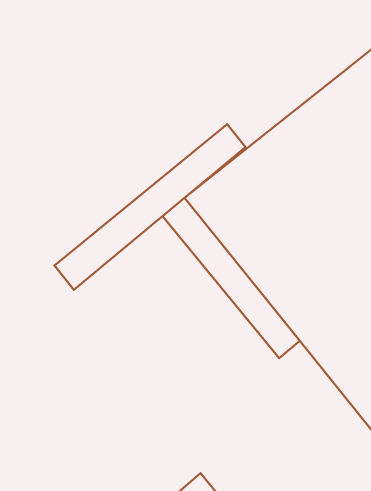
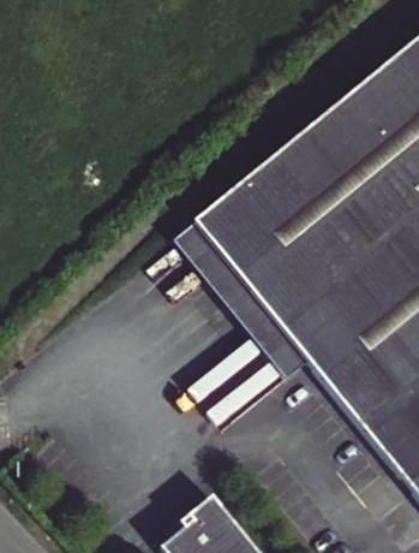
building: [54,124,246,290] -> none

